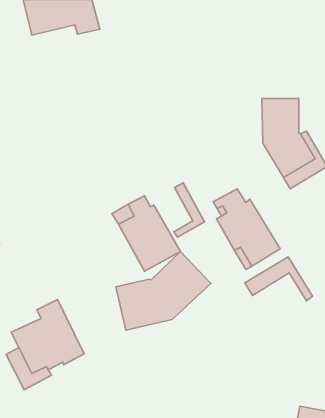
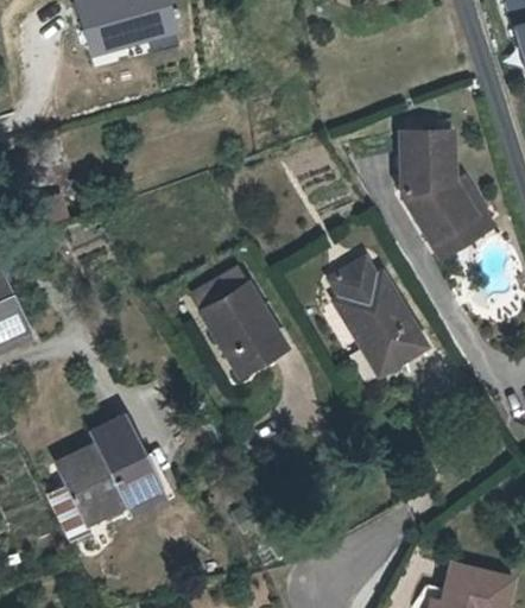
building: [174,183,204,237] -> none
building: [116,251,211,330] -> none
building: [245,257,313,301] -> none

